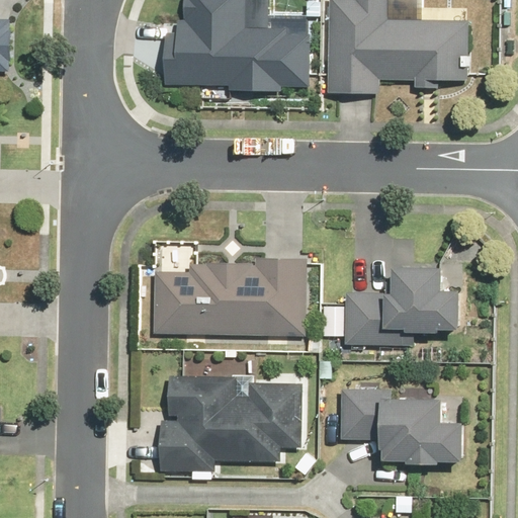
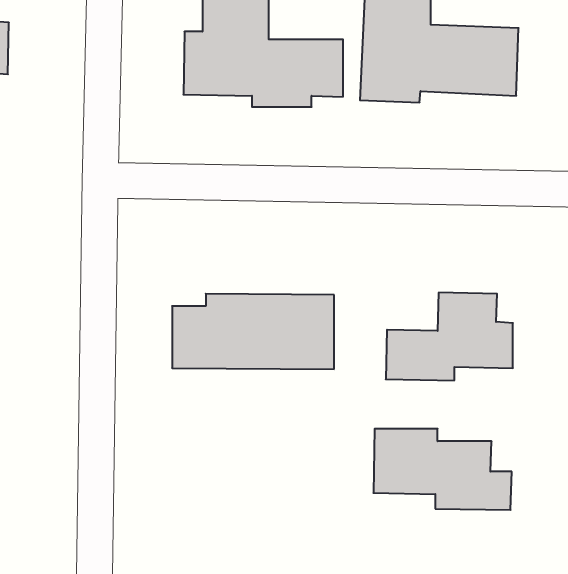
building: [159,373,297,473] -> none

